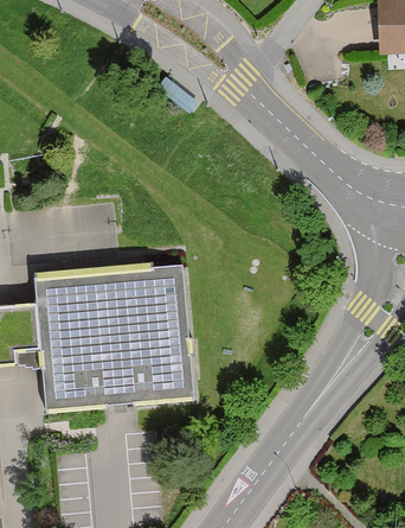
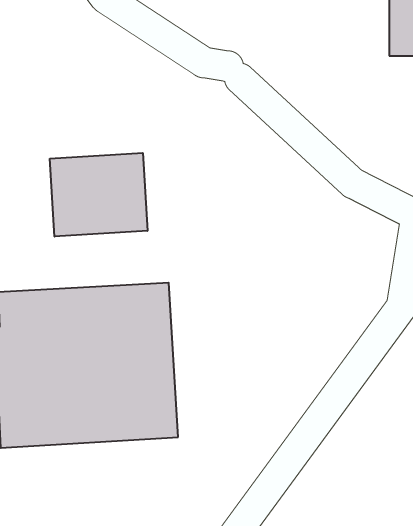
building: none -> [50,153,147,237]

